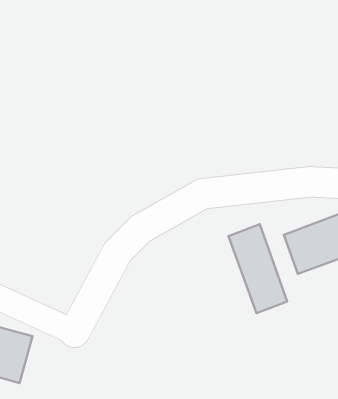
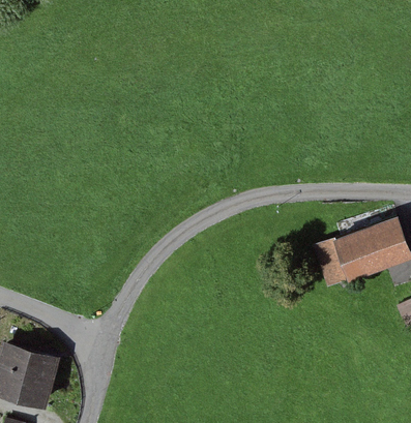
building: [229,224,287,313] -> none

